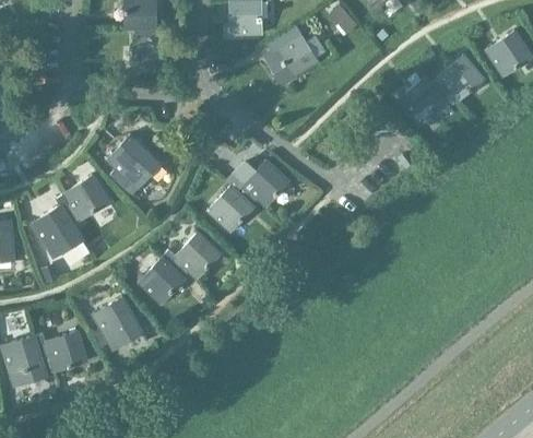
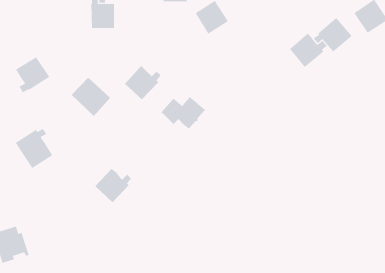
building: [62,175,109,224] -> [15,57,50,93]
building: [206,185,257,232] -> [124,65,161,100]
building: [168,232,221,279] -> none
building: [92,297,142,351] -> none
building: [40,330,86,374] -> none

